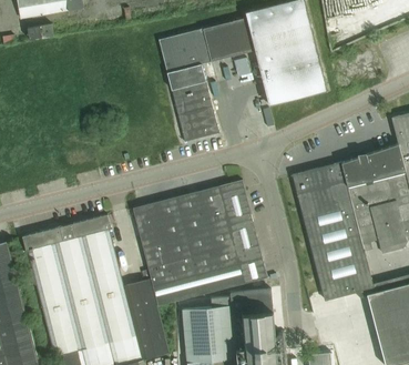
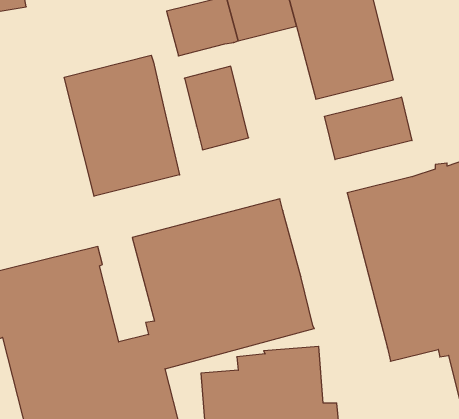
building: [167,63,206,89] -> none
building: none -> [64,55,180,196]
building: none -> [325,97,412,160]

